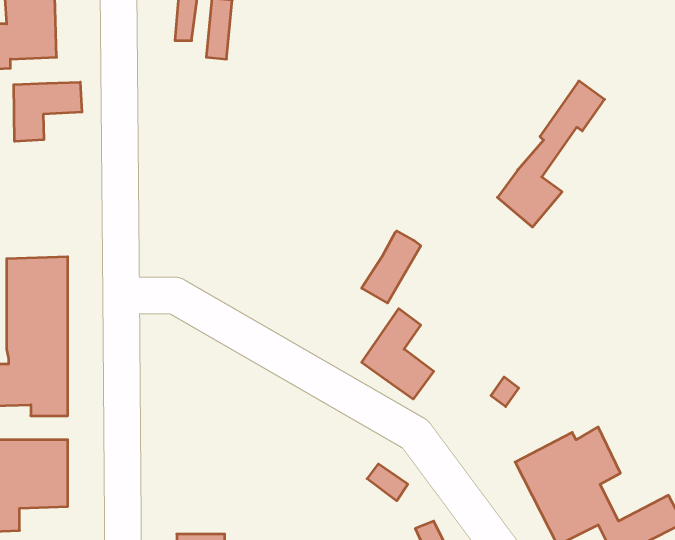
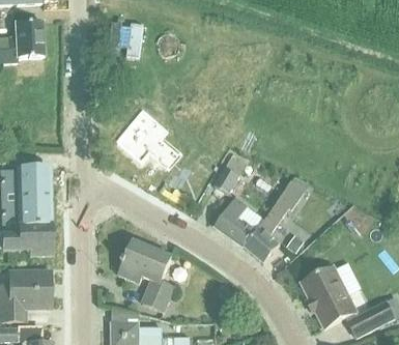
building: [497,81,605,227] -> [244,181,304,263]
building: [14,82,82,141] -> none
building: none -> [116,108,181,167]
building: none -> [118,239,173,311]

